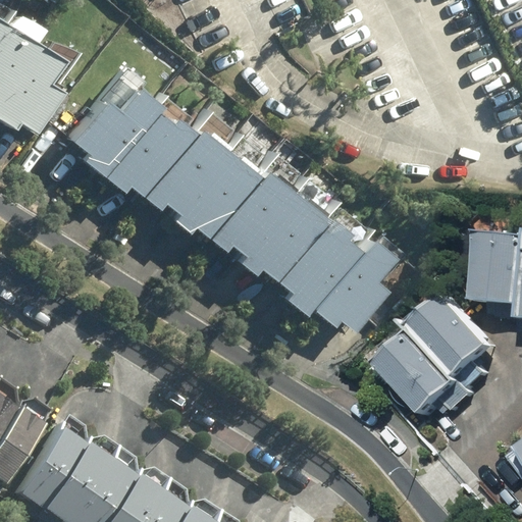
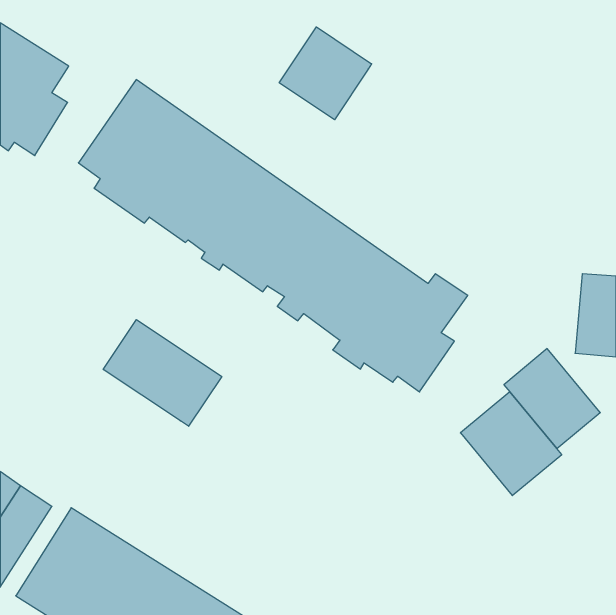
building: none -> [279,27,372,120]
building: none -> [103,320,222,426]

